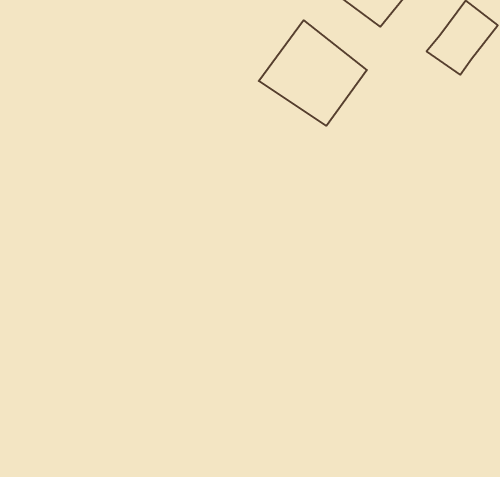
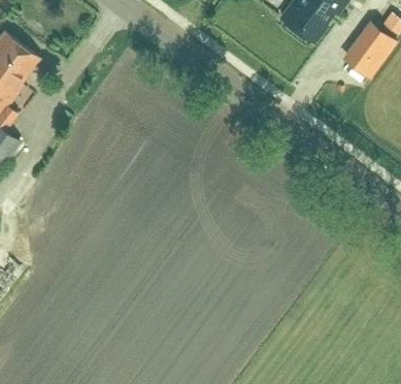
building: [259,20,367,126] -> none

